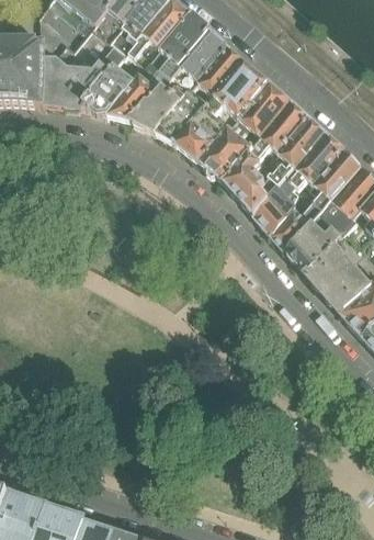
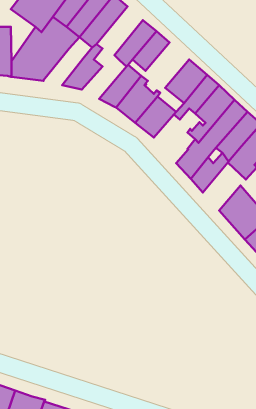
building: [160,14,211,79] -> none
building: [42,18,73,85] -> none
building: [208,60,270,119] -> none
building: [83,68,134,115] -> none
building: [133,83,190,133] -> none
building: [225,153,269,215] -> none
building: [287,214,342,275] -> none

